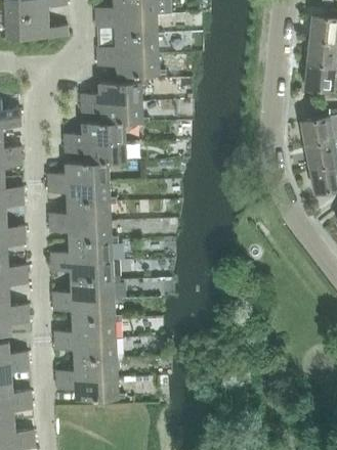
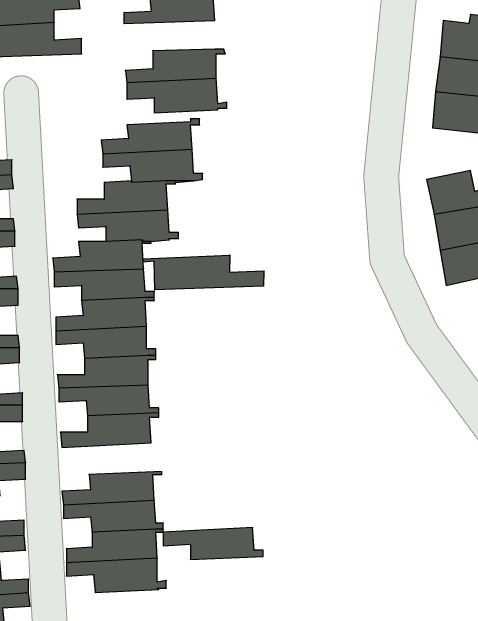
building: [96,14,164,35] -> none
building: none -> [143,255,264,290]
building: [54,300,122,321] -> [163,528,263,559]

